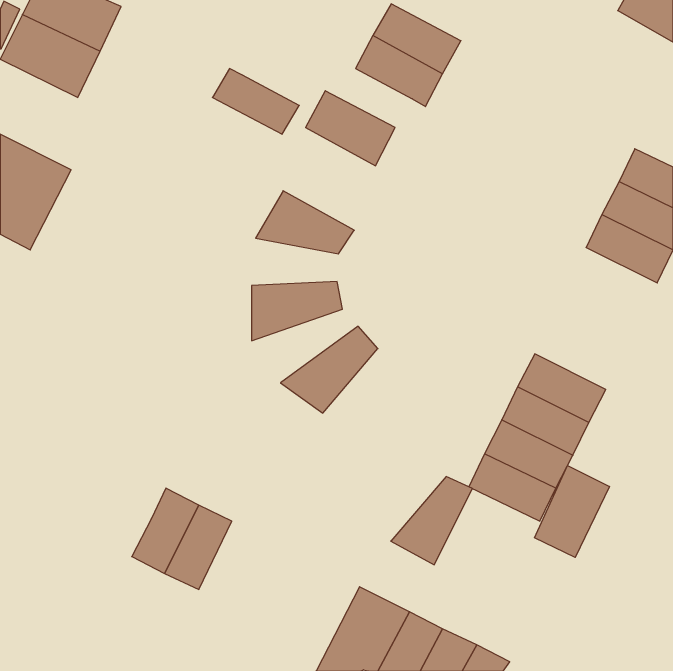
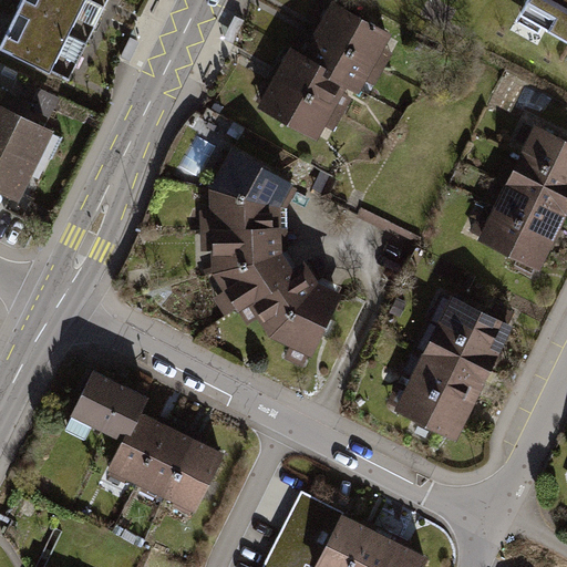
building: [212,69,299,134] -> [274,52,347,107]
building: none -> [212,200,285,240]
building: none -> [478,208,553,266]
building: none -> [212,260,301,322]
building: none -> [78,373,146,436]
building: [534,465,609,557] -> none
building: [391,477,472,565] -> [271,293,340,368]
building: none -> [167,439,223,509]

